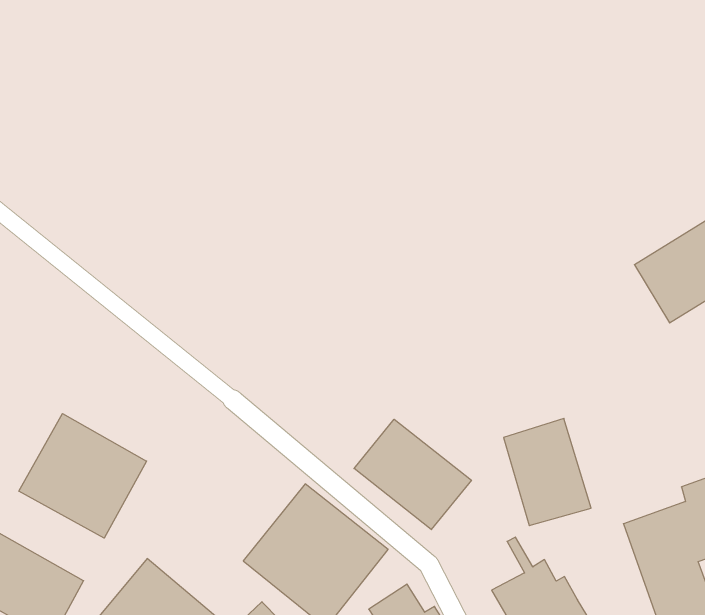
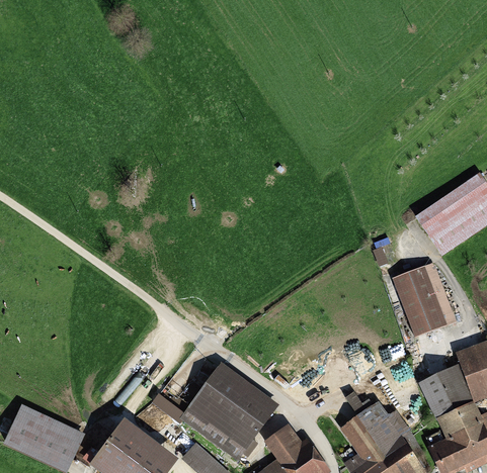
building: [19,414,147,538] -> none
building: [504,418,591,526] -> [396,265,454,334]
building: [354,419,471,530] -> none

